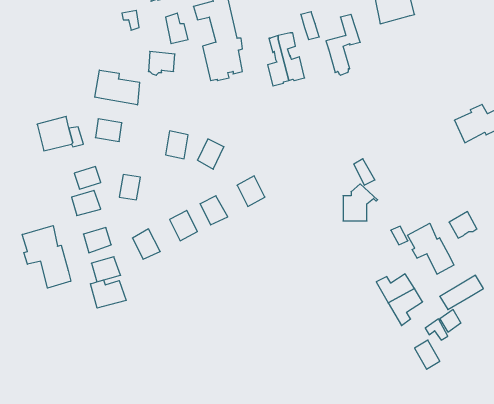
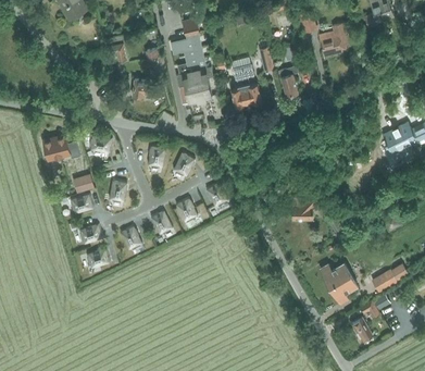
building: [95,70,140,105] -> none
building: [408,223,454,274] -> none
building: [22,226,71,288] -> none
building: [90,280,126,308] -> none

